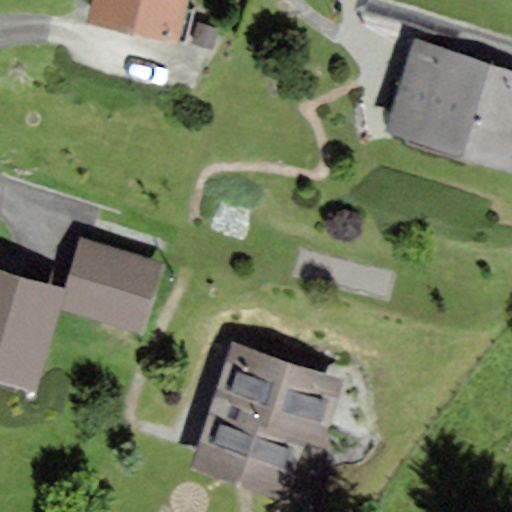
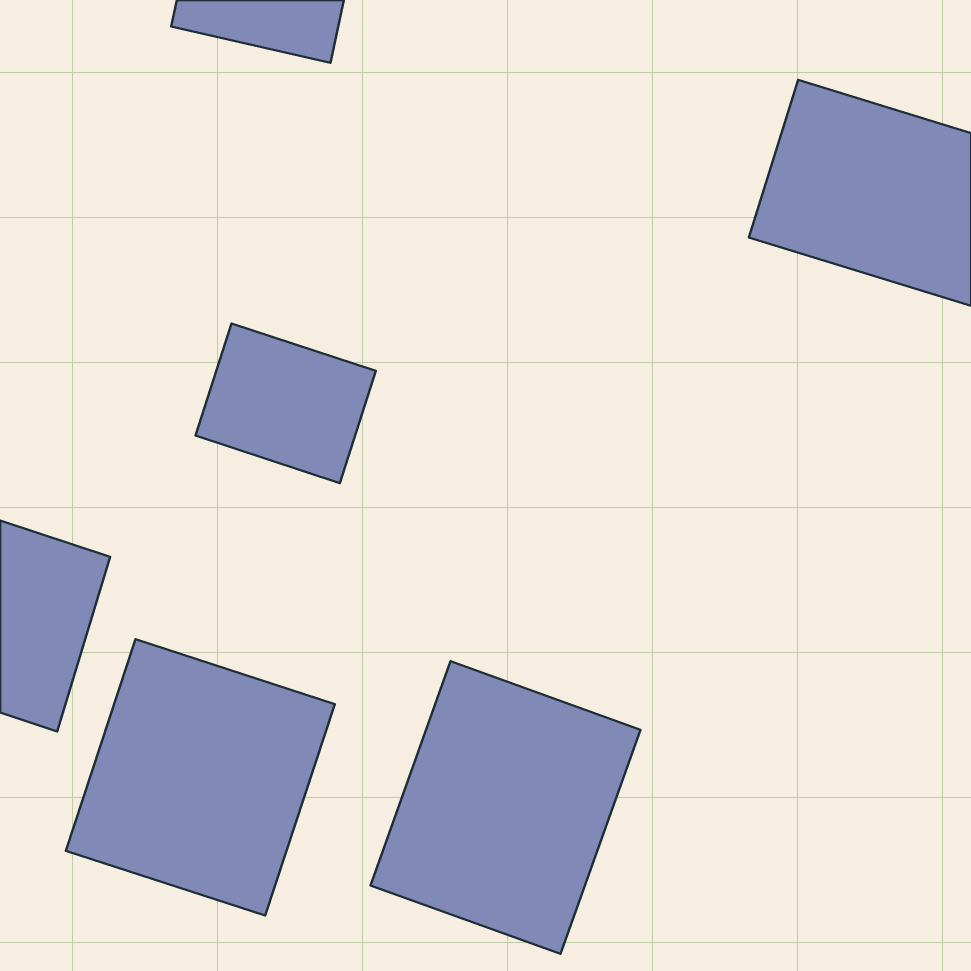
building: [66,244,161,328] -> [195,323,376,483]
building: none -> [66,639,335,916]

